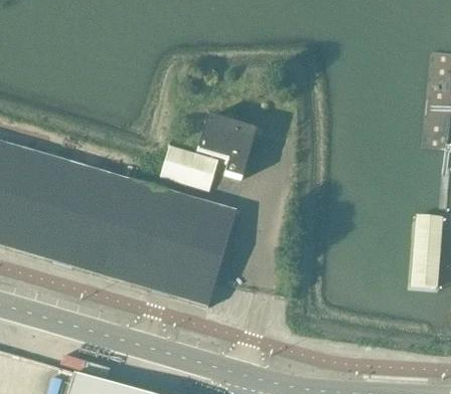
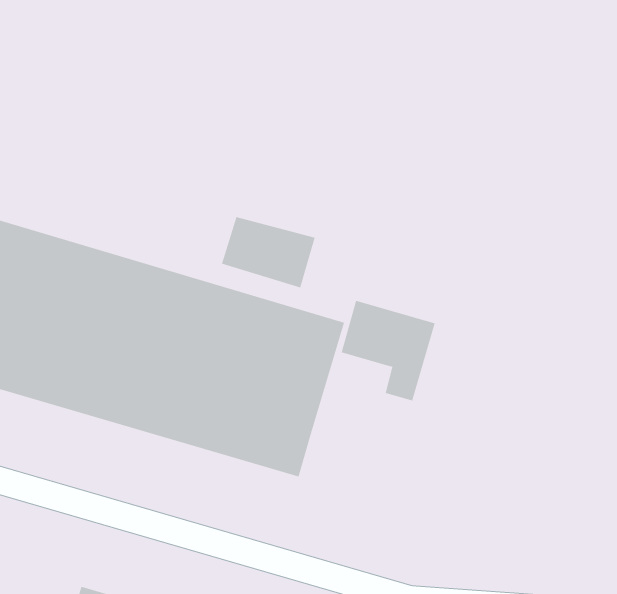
building: [197,117,256,179] -> [341,300,436,401]

